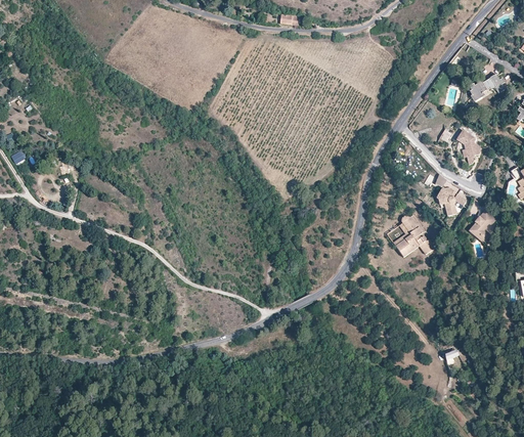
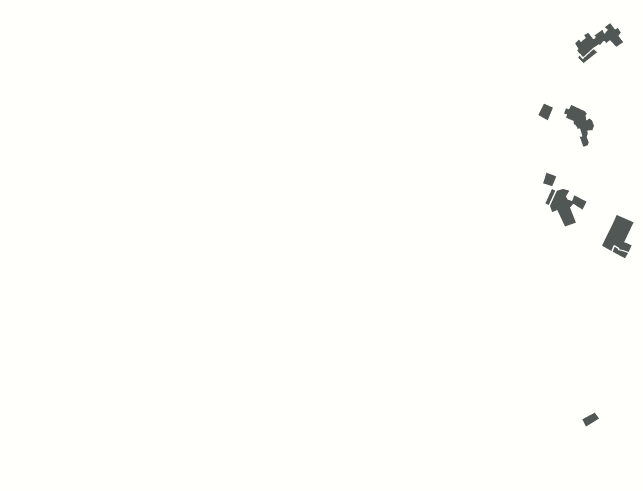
building: [395,216,435,257] -> none

